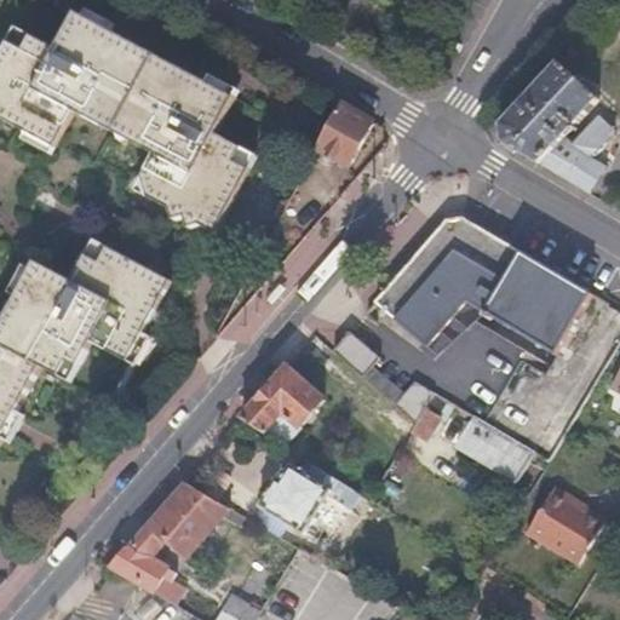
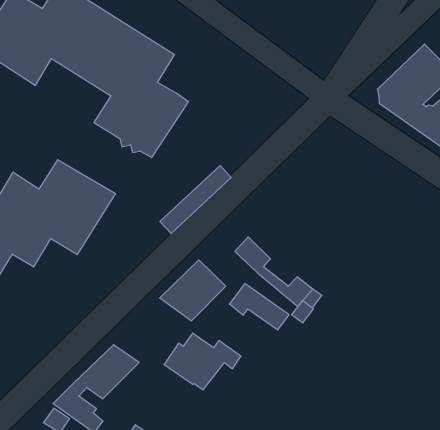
building: [321,108,379,171] -> none
building: [373,213,590,351] -> none
building: [453,412,532,469] -> [229,284,289,330]
building: [519,483,596,557] -> none

